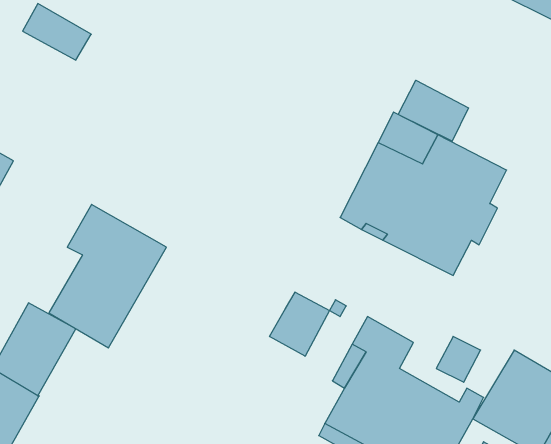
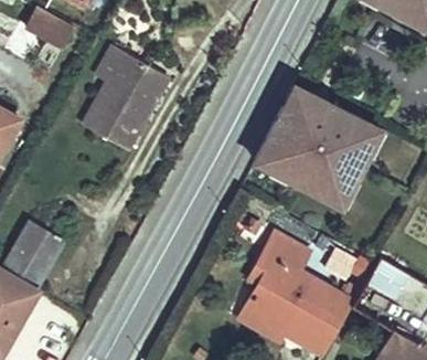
building: [398,80,468,141] -> none
building: [49,204,166,348] -> [83,46,168,150]
building: [270,292,329,356] -> none

